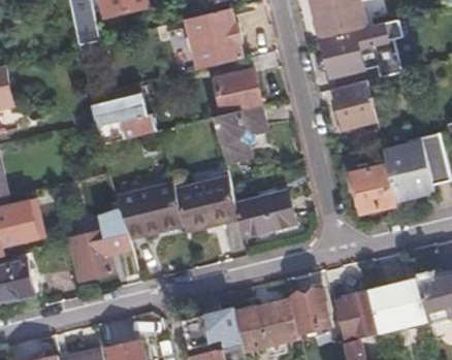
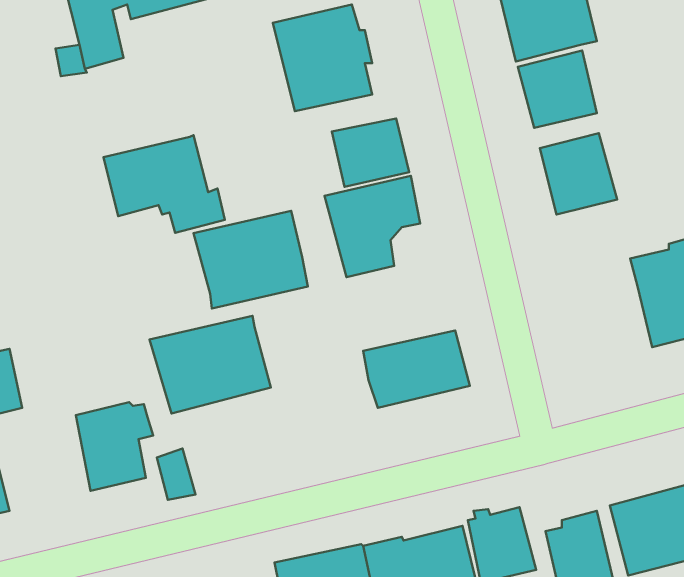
building: [356,21,402,77] -> none
building: [353,166,396,211] -> none
building: [173,176,237,231] -> [194,211,308,309]

